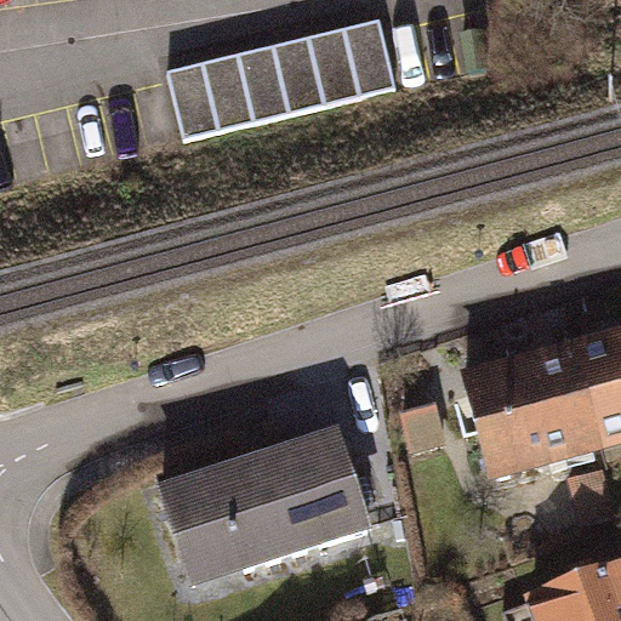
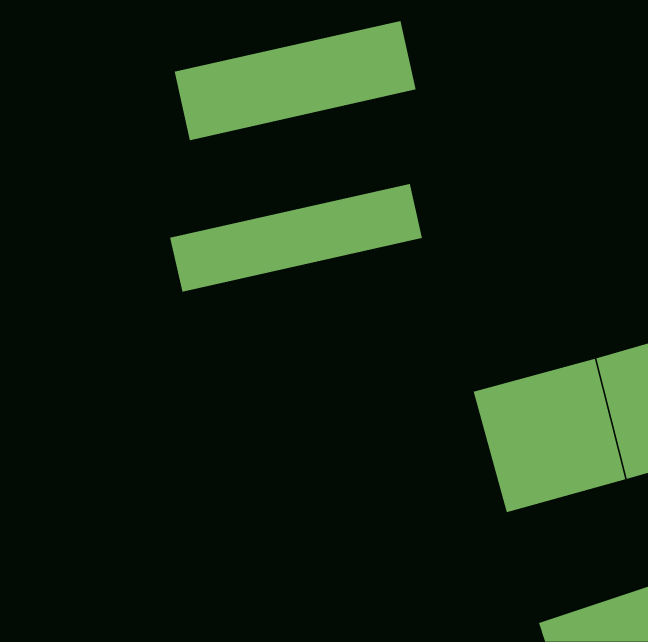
building: none -> [170,183,423,292]
building: [155,431,372,583] -> none

